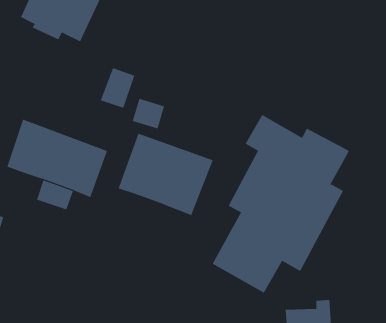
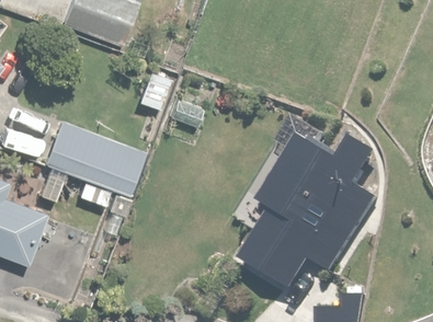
building: [118,133,213,216] -> none

